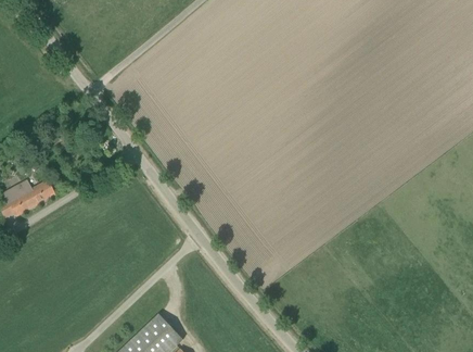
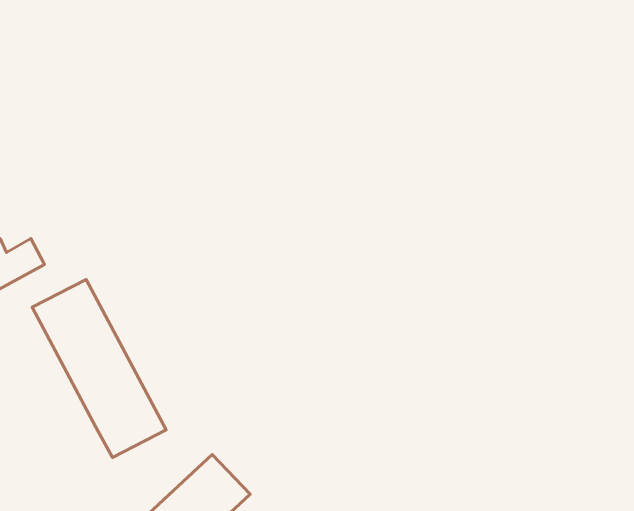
building: none -> [32,279,166,457]

